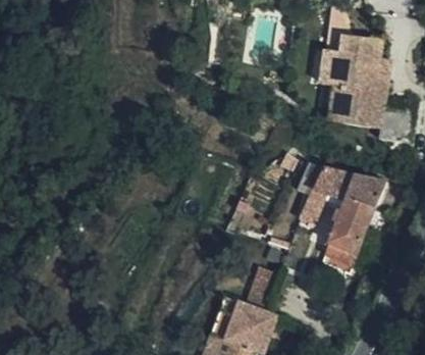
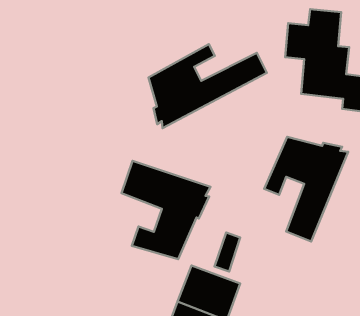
building: none -> [148,44,267,128]
building: none -> [121,161,210,259]

